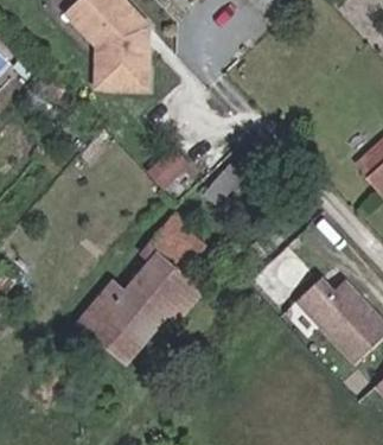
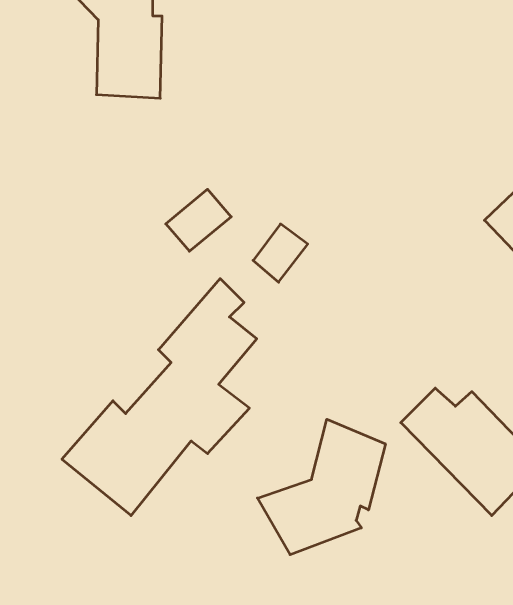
building: none -> [257,419,385,555]

